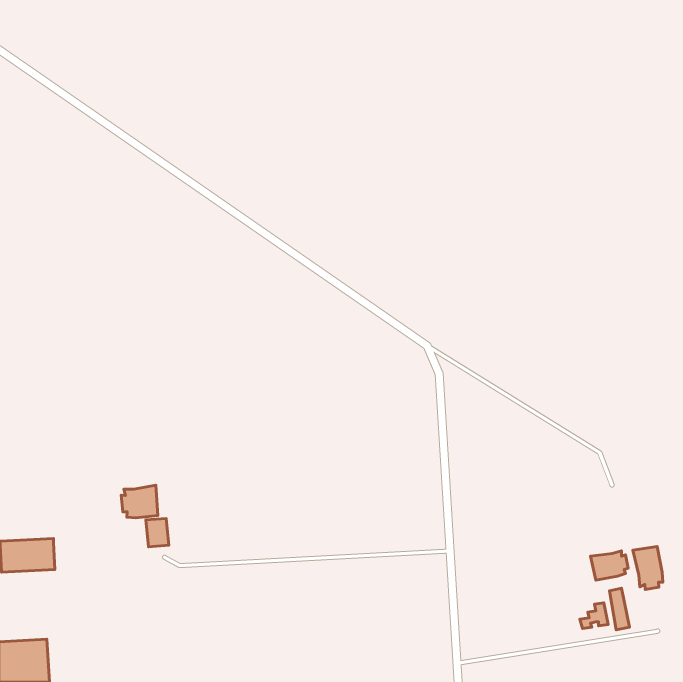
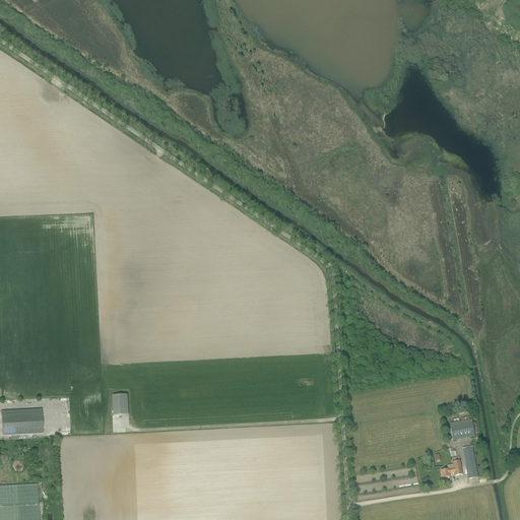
building: [121,485,158,518] -> none
building: [633,547,663,590] -> none

